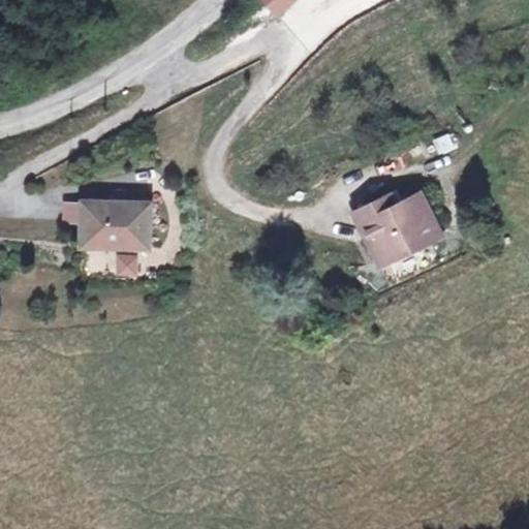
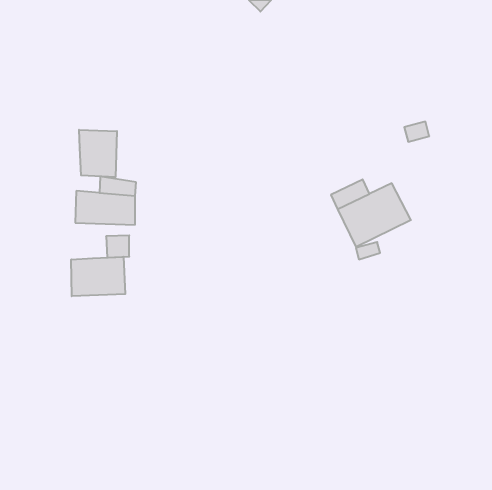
building: none -> [79,130,117,177]
building: none -> [71,257,125,296]

